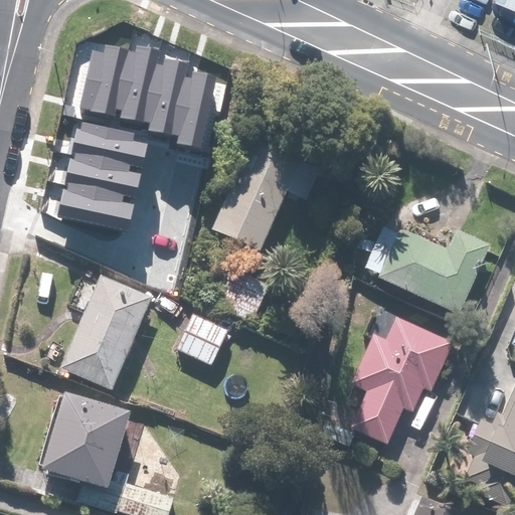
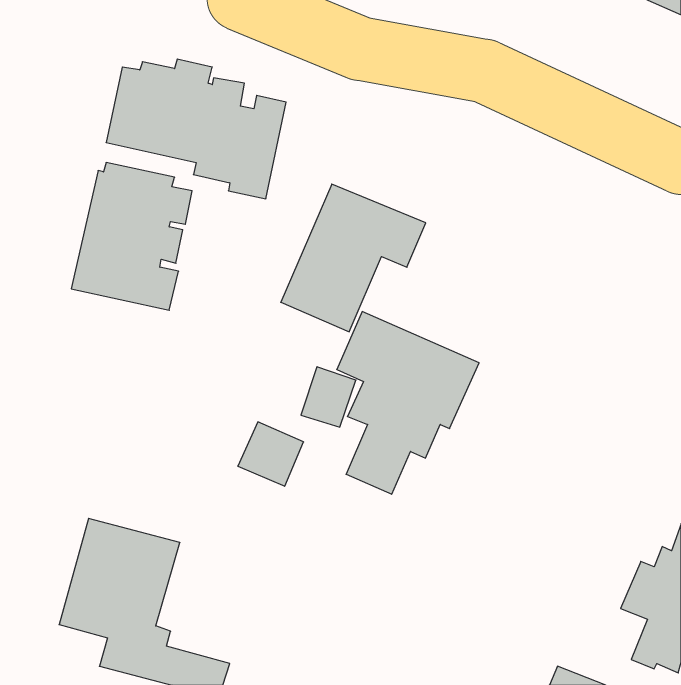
building: [359,218,490,312] -> none
building: [59,277,152,387] -> none
building: [344,304,451,441] -> [337,312,479,494]

